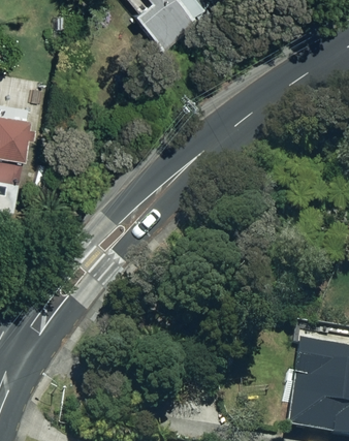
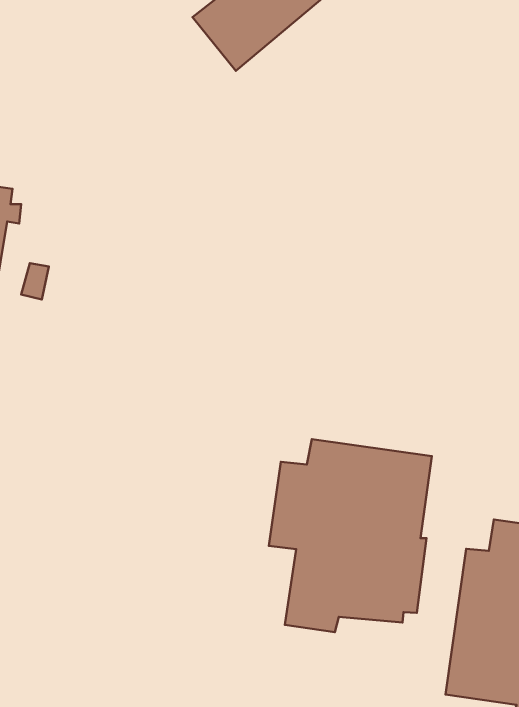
building: none -> [269,439,432,632]

